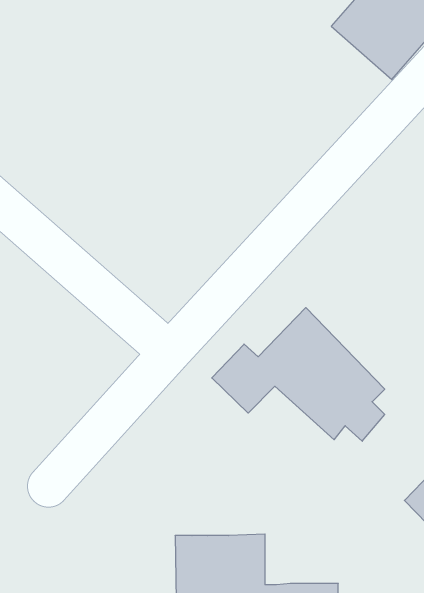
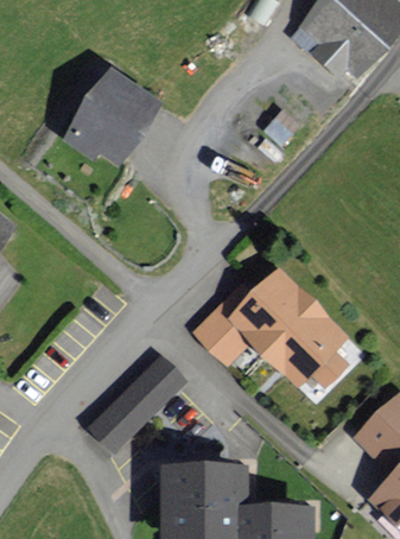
building: none -> [68,72,154,158]
building: none -> [93,361,180,448]

